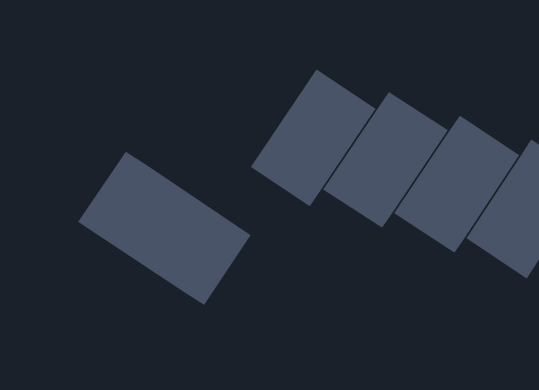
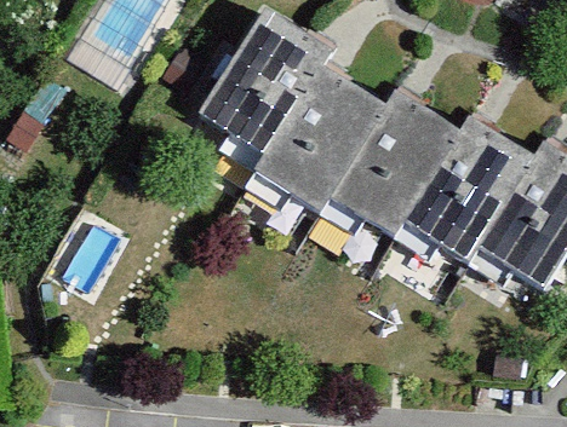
building: none -> [208,25,345,173]
building: [77,151,251,306] -> none

